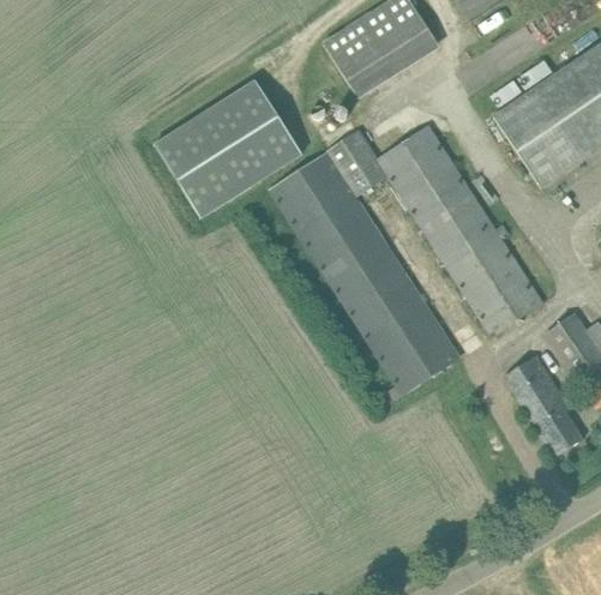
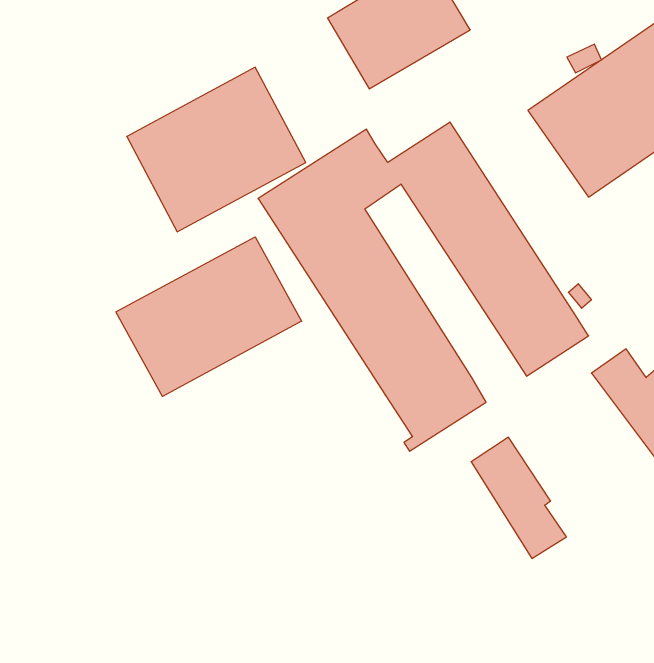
building: none -> [116,237,302,396]
building: [504,355,583,456] -> [471,437,566,558]

